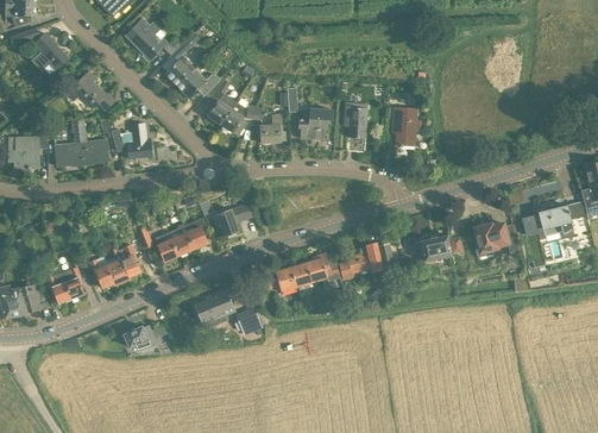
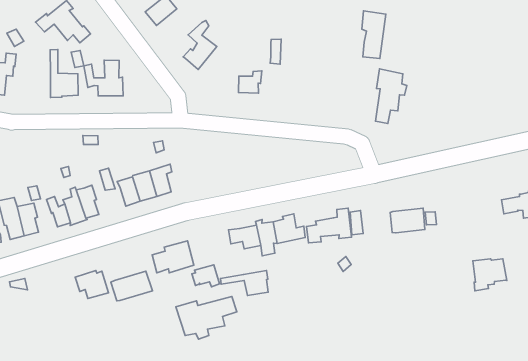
building: [176,68,219,99] -> none
building: [219,100,245,134] -> none
building: [344,107,365,151] -> [362,11,386,59]
building: [297,108,329,139] -> none
building: [53,119,82,165] -> none
building: [215,202,251,236] -> none
building: [473,222,508,256] -> [473,259,507,291]
building: none -> [220,271,268,295]
building: none -> [111,271,152,301]
building: none -> [176,297,237,339]

